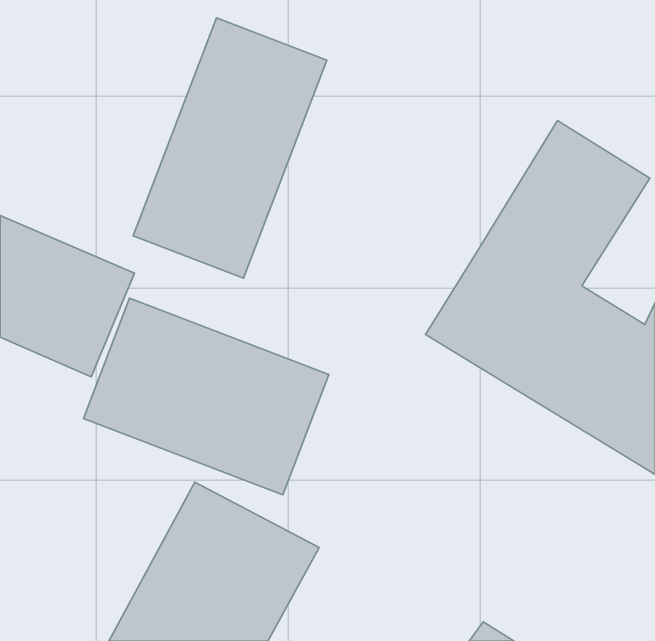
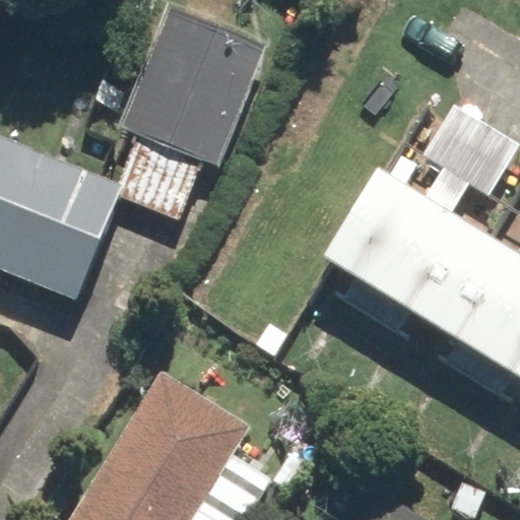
building: [84,298,329,495] -> none

